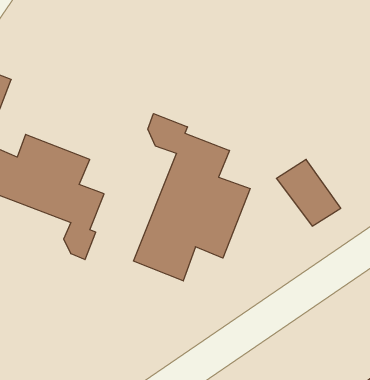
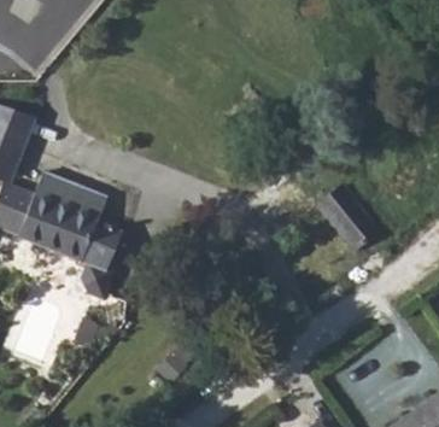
building: [133,114,250,281] -> none

